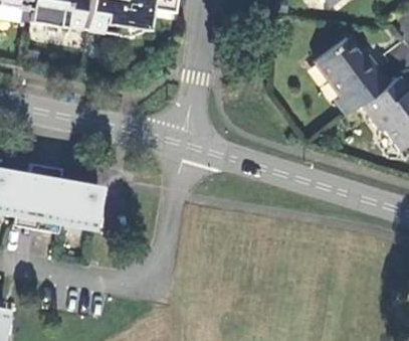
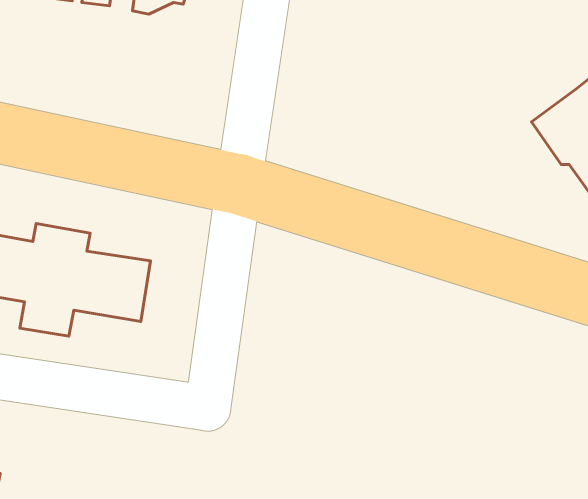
building: [314,36,388,114] -> none

